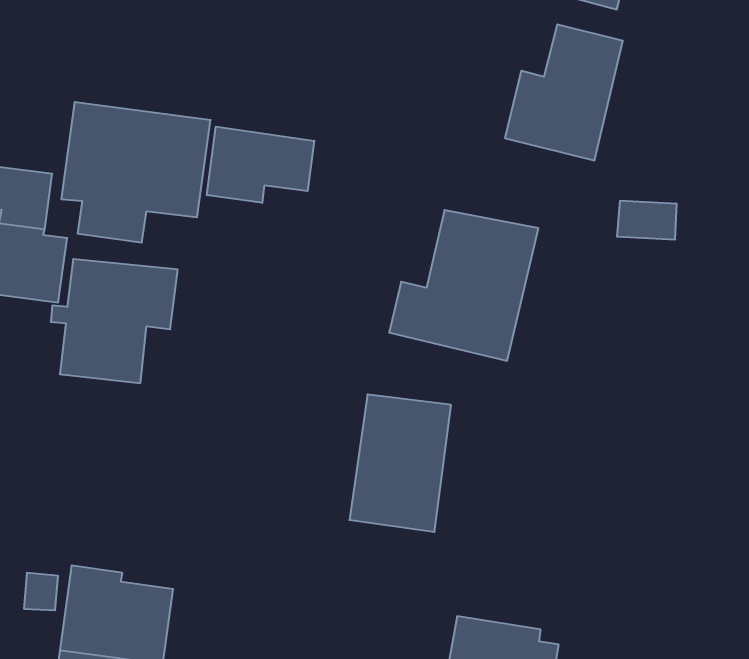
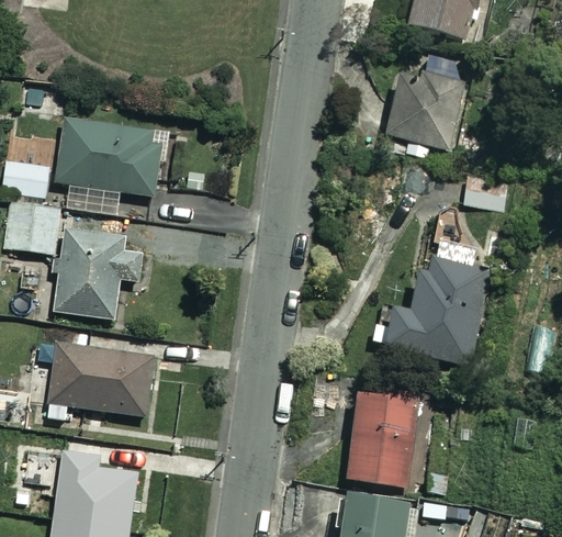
building: [207,127,314,203] -> none
building: [389,210,538,361] -> [381,255,491,366]
building: [349,394,451,532] -> [345,387,419,488]
building: none -> [46,343,154,421]

